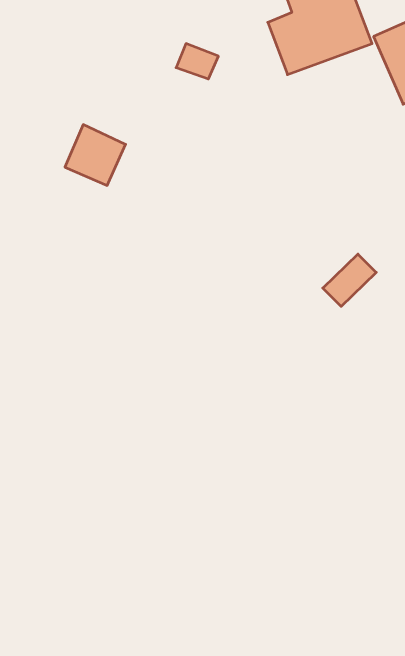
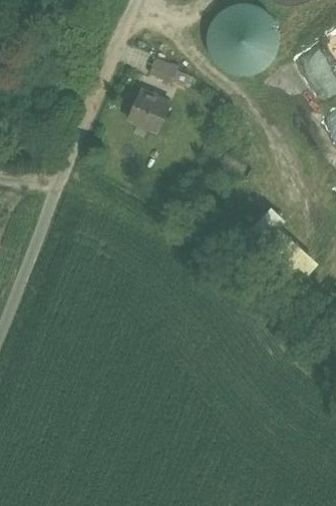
building: [65,125,126,185] -> [123,89,166,132]

